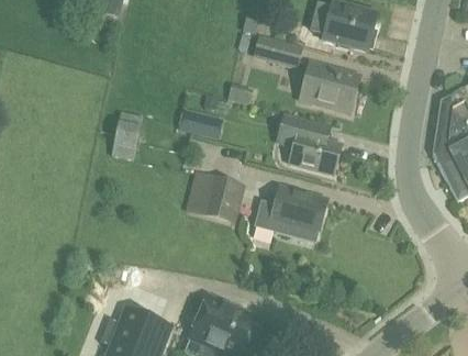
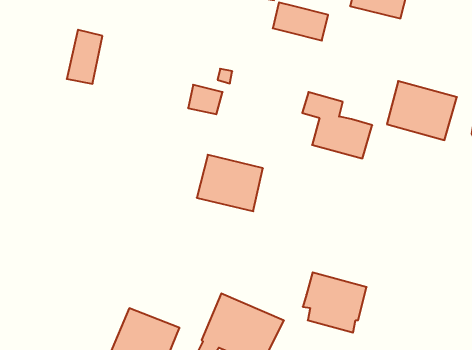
building: [299,59,361,112] -> [387,81,457,140]
building: [111,110,143,158] -> [67,30,102,84]
building: [270,187,327,241] -> [303,272,367,333]

